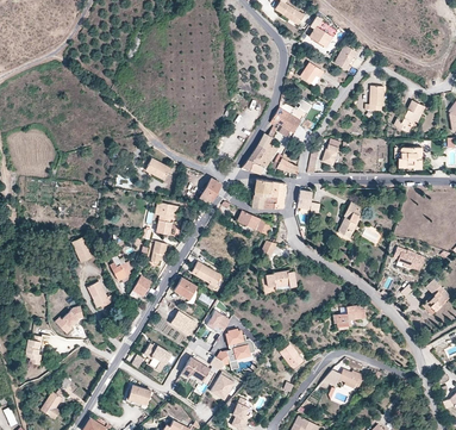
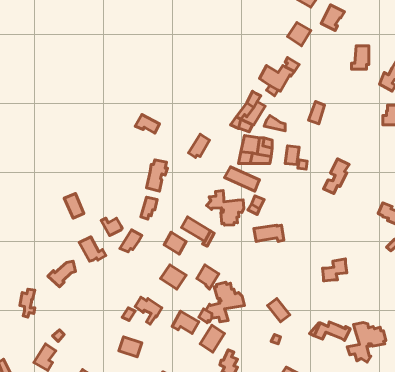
building: none -> [207,191,244,225]
building: none -> [347,322,386,362]

